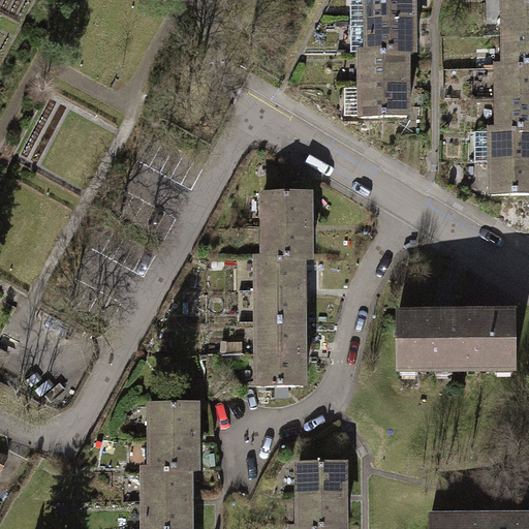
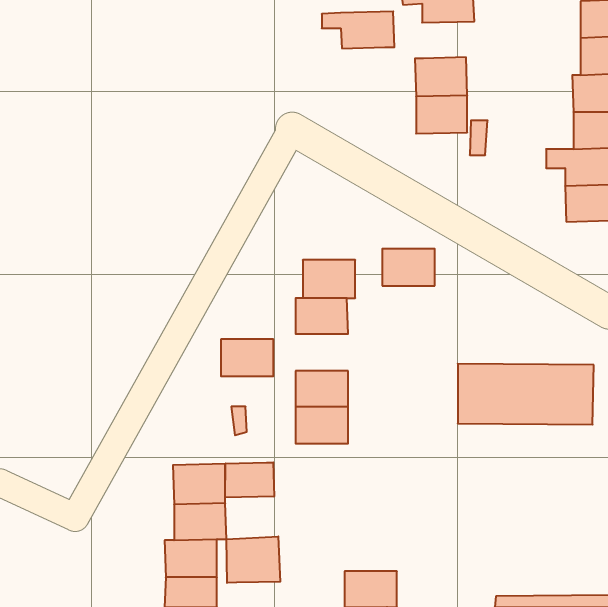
building: [350,19,413,51] -> [322,11,394,48]
building: [263,193,309,225] -> [382,249,435,286]
building: [257,289,303,321] -> [221,339,273,376]
building: none -> [225,462,274,498]
building: [300,462,345,495] -> none
building: none -> [227,536,280,583]

